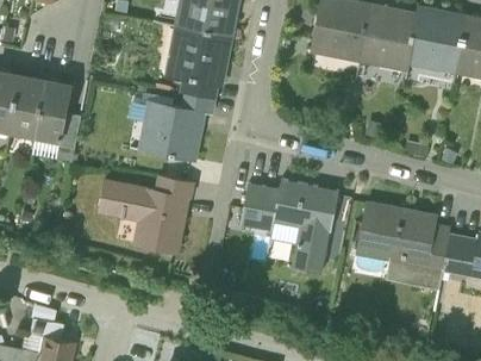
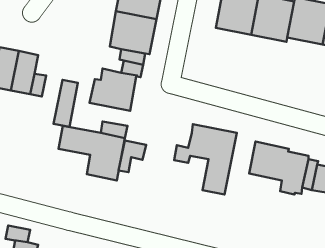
building: none -> [54,80,78,127]
building: [242,185,279,228] -> [119,140,146,172]

